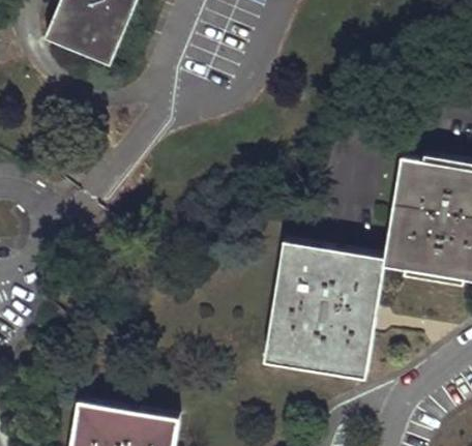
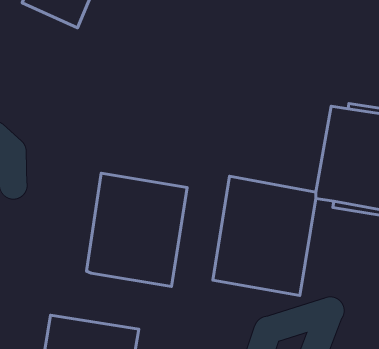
building: none -> [86,173,187,287]

